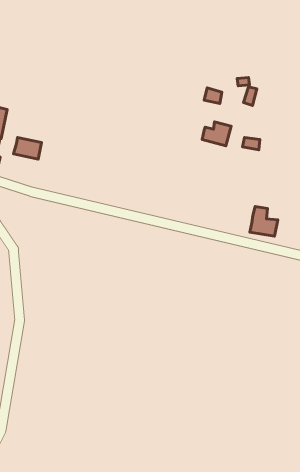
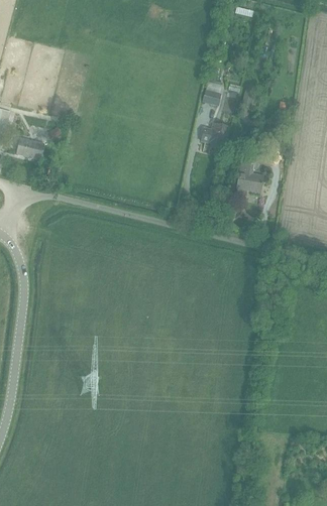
building: [250,206,278,236] -> [236,162,263,192]

